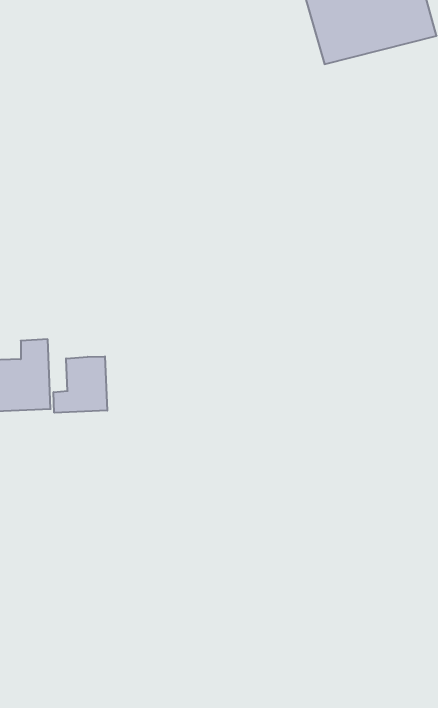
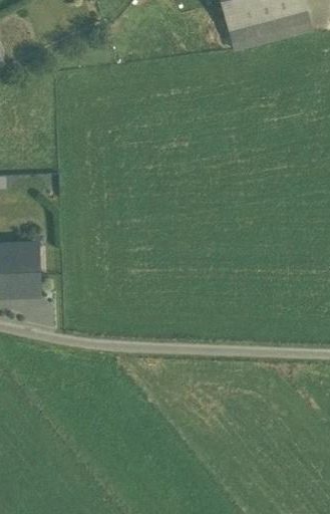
building: [54,356,107,413] -> none

